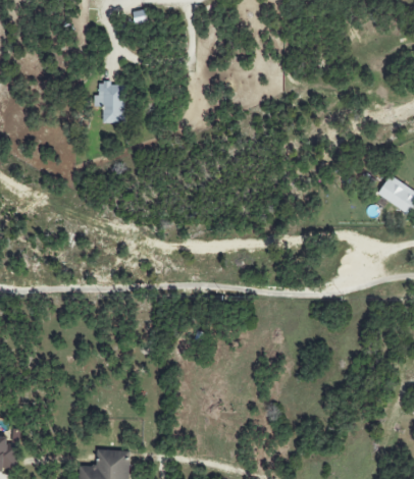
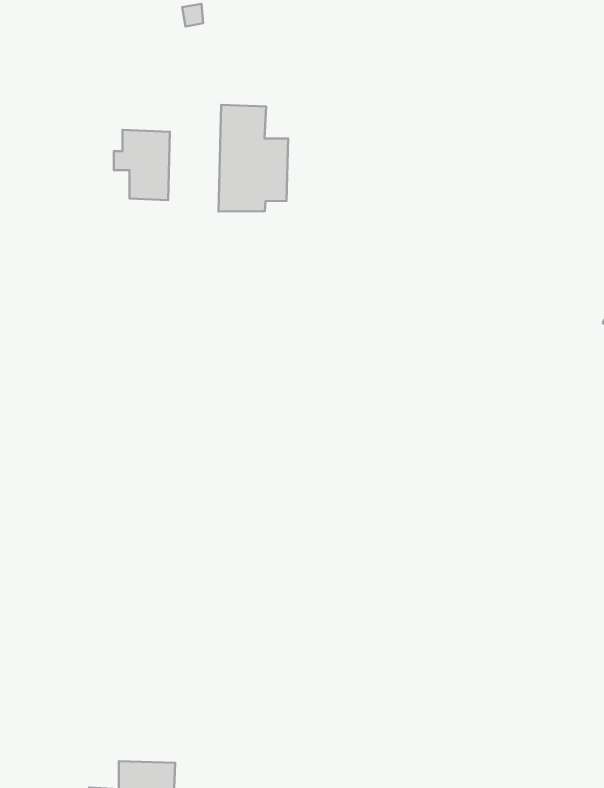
building: none -> [218,105,288,212]

